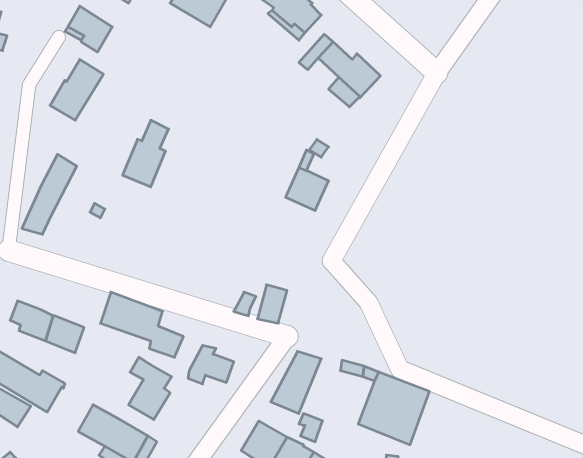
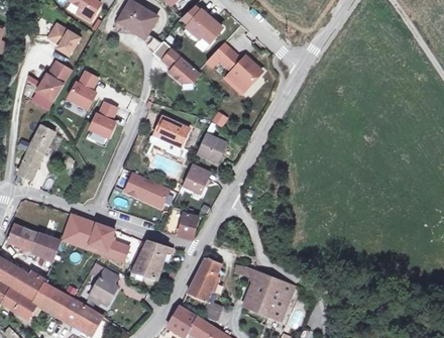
building: none -> [153,41,200,83]
building: none -> [64,71,98,116]
building: none -> [153,116,189,146]
building: none -> [183,162,208,194]
building: none -> [125,173,170,208]
building: none -> [61,215,105,256]
building: none -> [140,240,173,265]
building: none -> [14,283,66,319]

